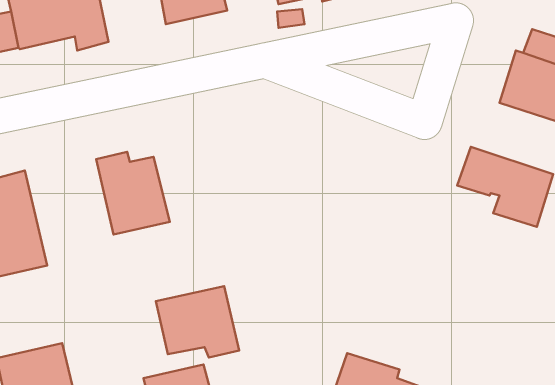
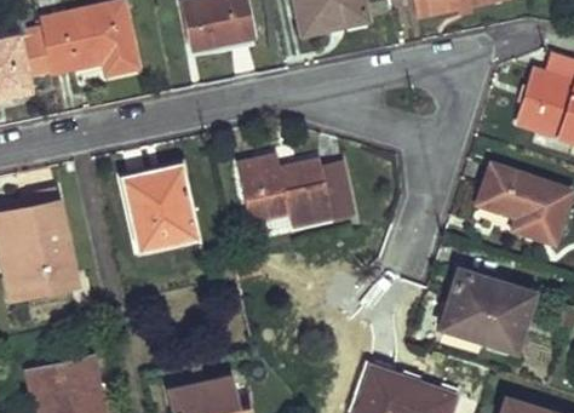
building: none -> [239,155,350,225]
building: none -> [438,270,533,352]
building: [156,286,239,357] -> none

